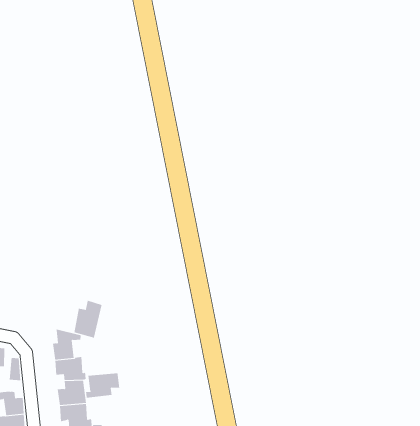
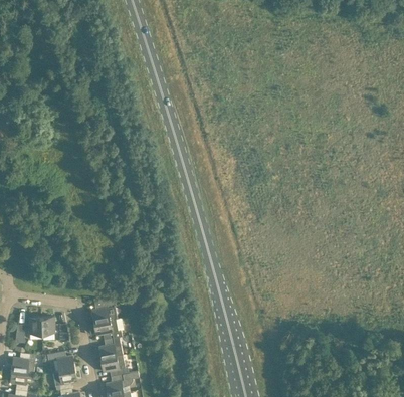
building: [74,300,102,339] -> none
building: [86,372,120,398] -> none

